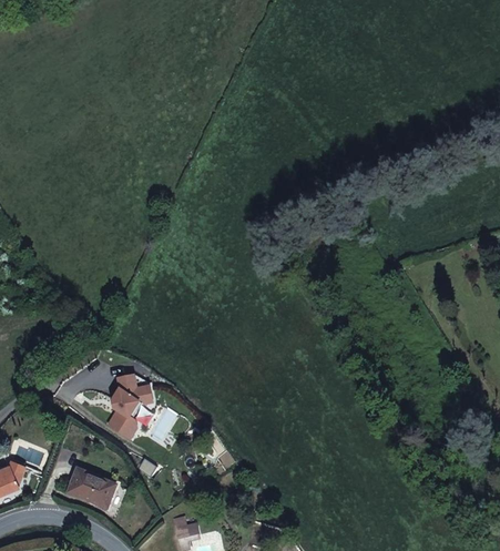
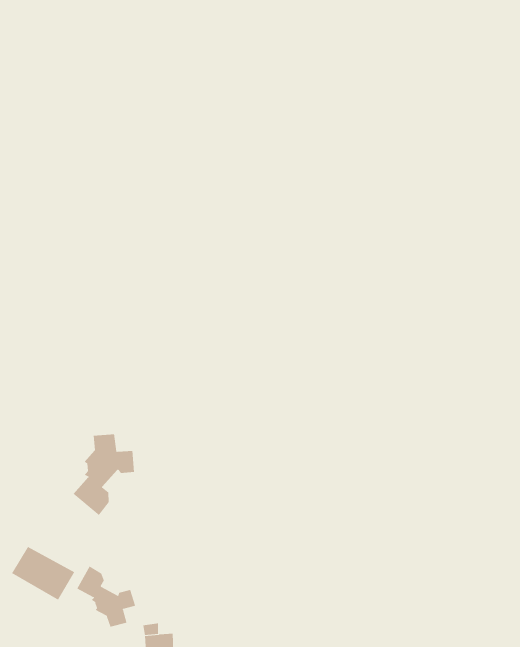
building: none -> [76,566,136,628]

